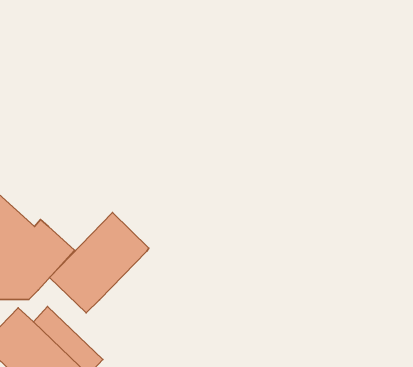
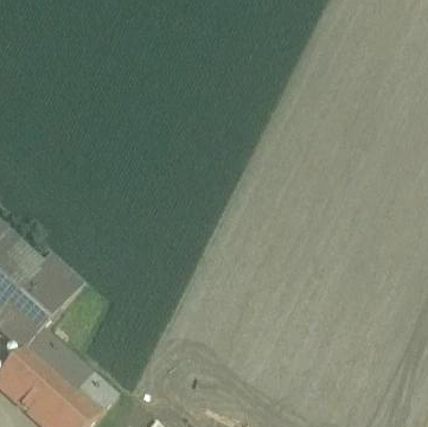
building: [50,213,149,313] -> none

